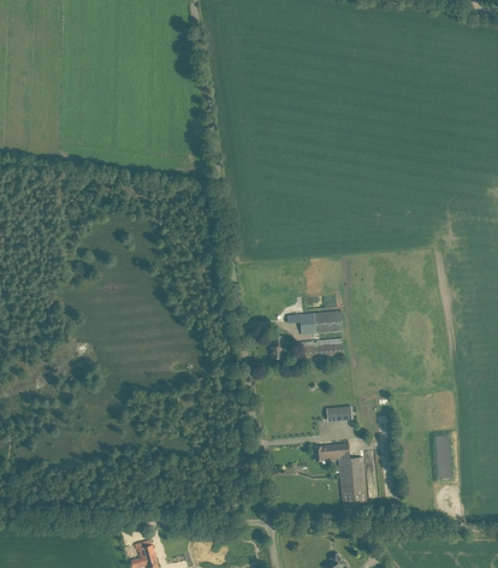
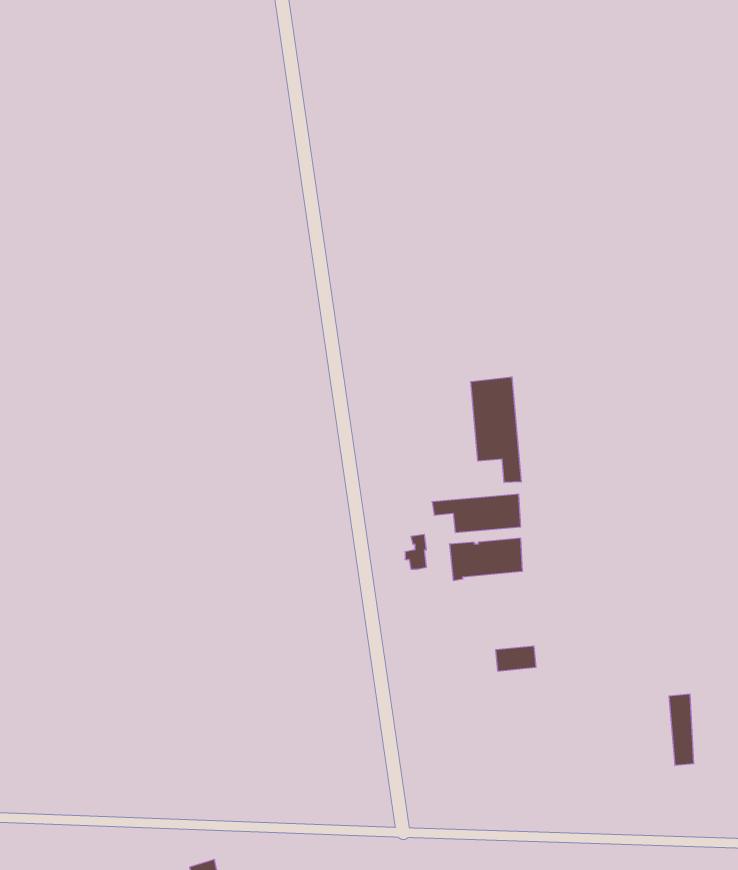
building: none -> [471,377,521,483]
building: [314,443,366,503] -> none

